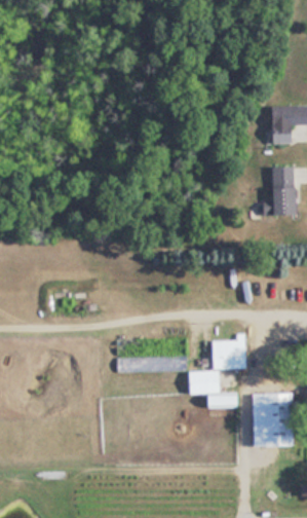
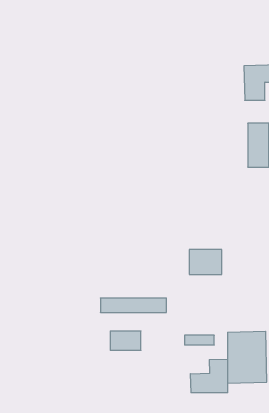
building: [210,340,245,367] -> [189,250,222,274]
building: [187,371,220,392] -> [110,331,141,350]
building: none -> [190,359,228,393]

